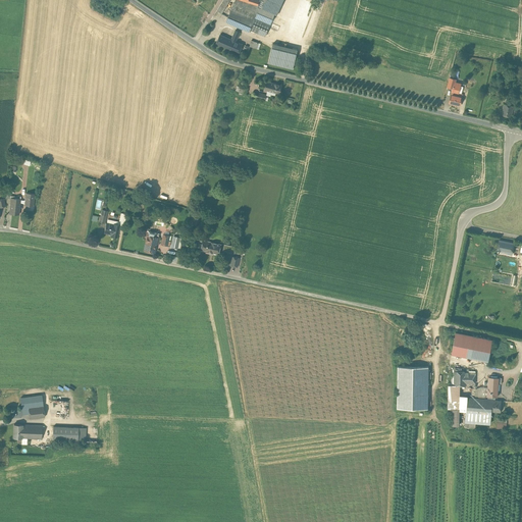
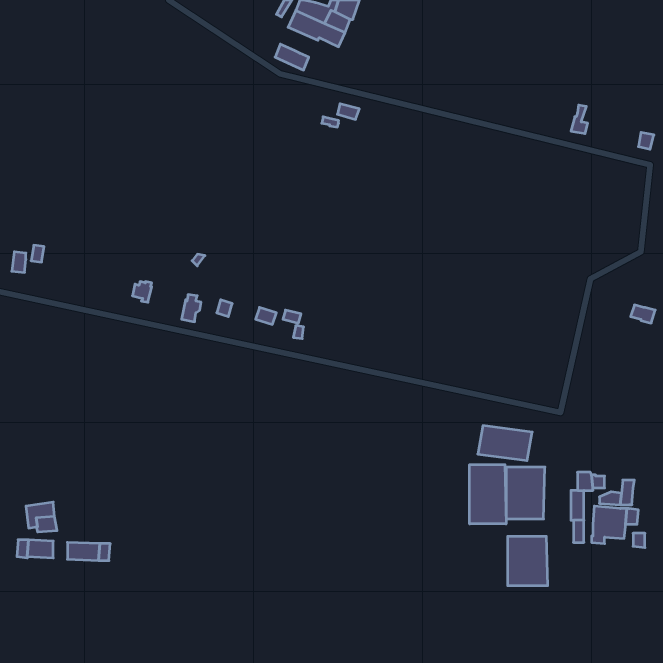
building: [269,43,299,69] -> none
building: [453,332,495,360] -> [478,426,532,461]
building: none -> [470,465,506,524]
building: none -> [508,536,548,586]

